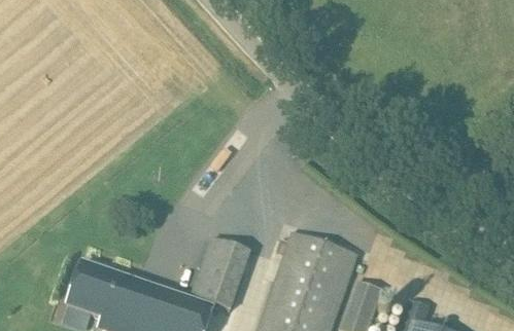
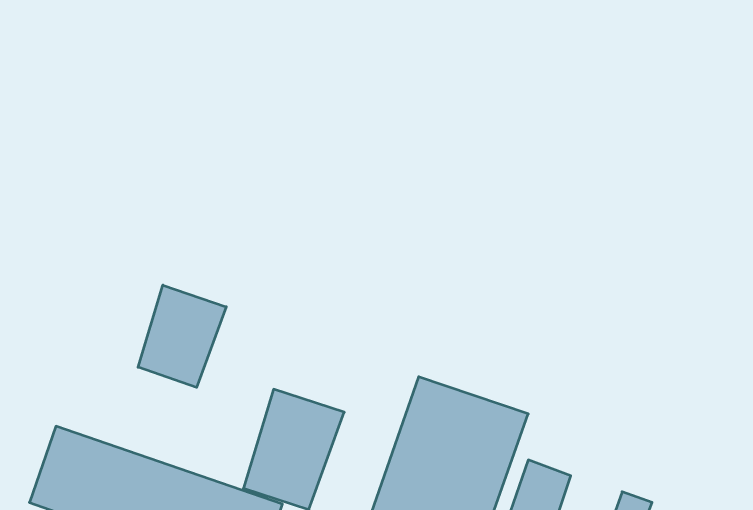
building: none -> [138,285,226,387]

